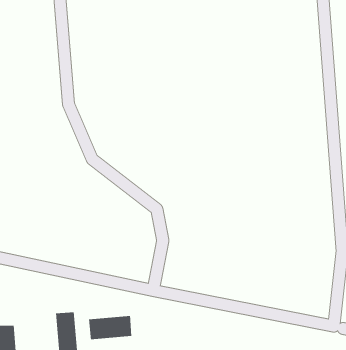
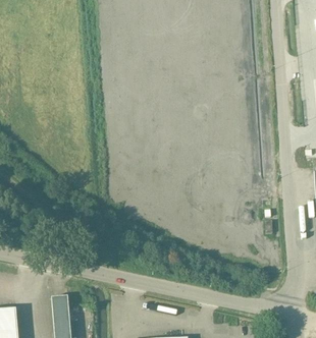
building: [88,315,132,340] -> none

